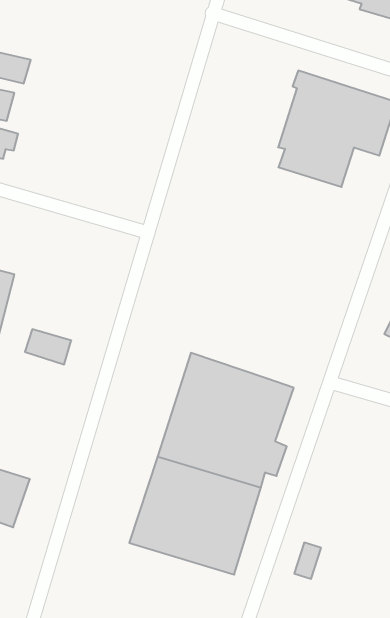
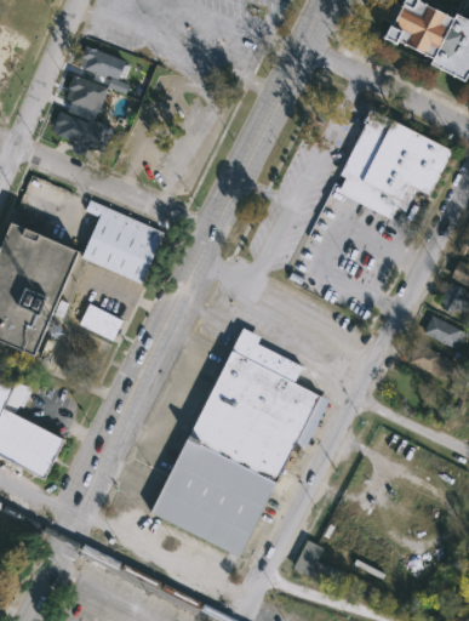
building: none -> [81,200,165,284]
building: none -> [230,332,305,383]

